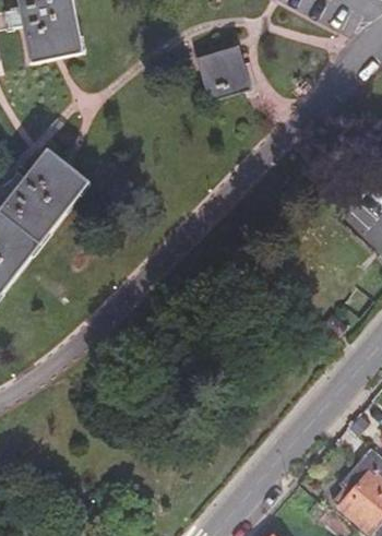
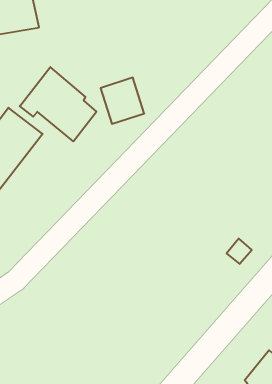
building: [198,40,252,98] -> [101,78,144,124]
building: none -> [20,67,96,141]

